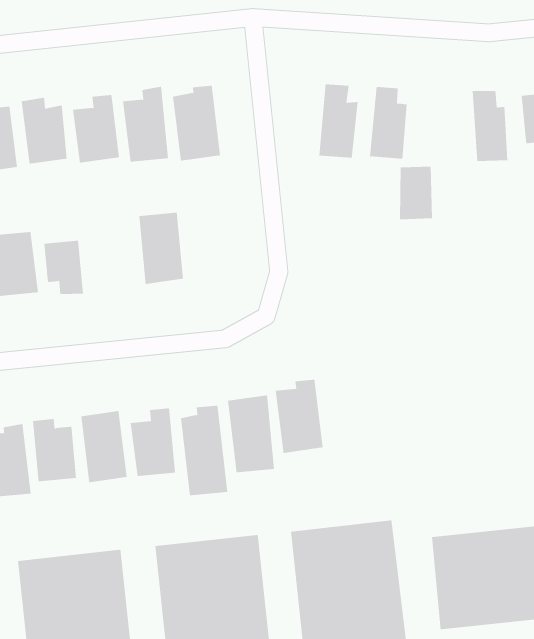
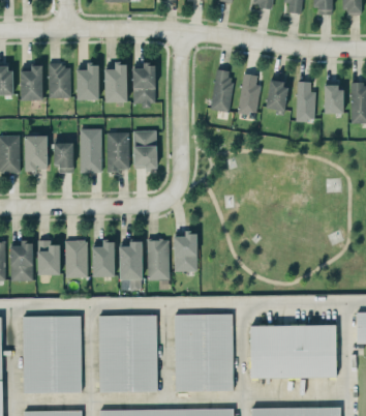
building: [399,166,433,220] -> [266,80,286,110]
building: none -> [132,130,156,170]
building: none -> [79,128,101,172]

